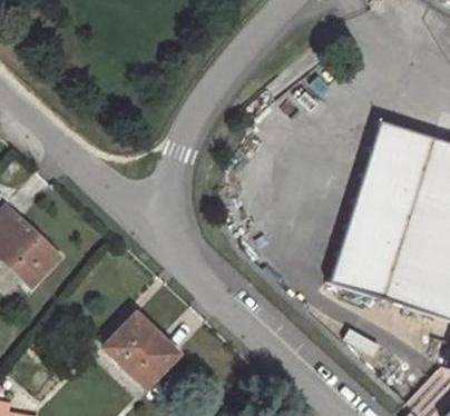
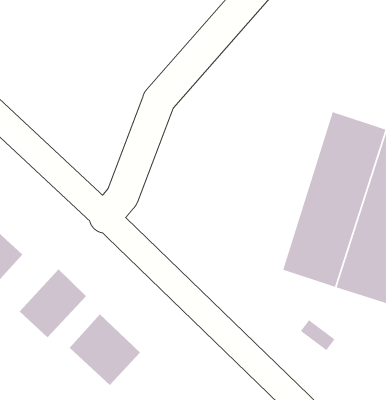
building: none -> [19,269,87,338]

